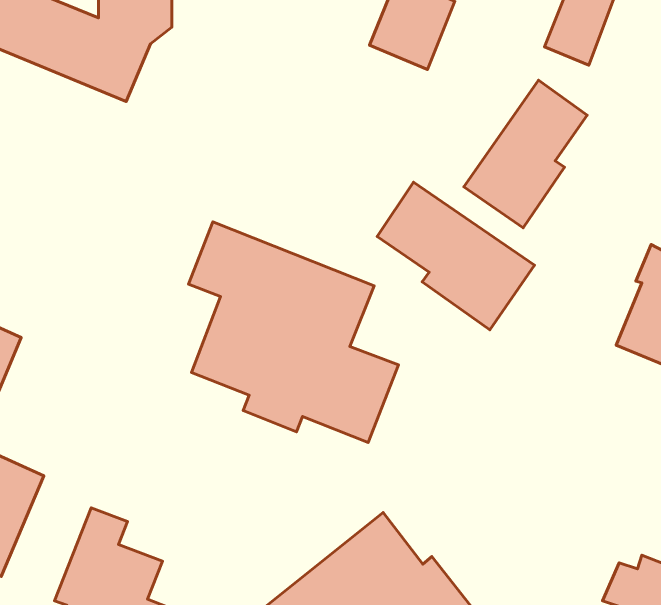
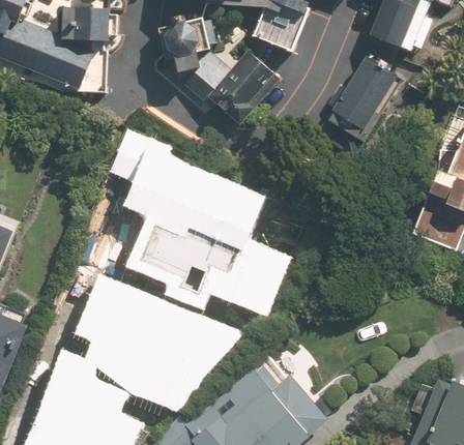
building: none -> [154,20,277,124]
building: [377,182,534,330] -> none
building: none -> [77,269,222,392]

